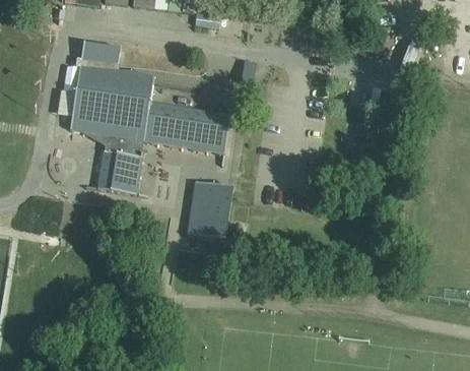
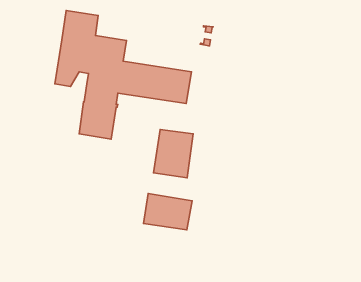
building: none -> [144,193,192,230]

